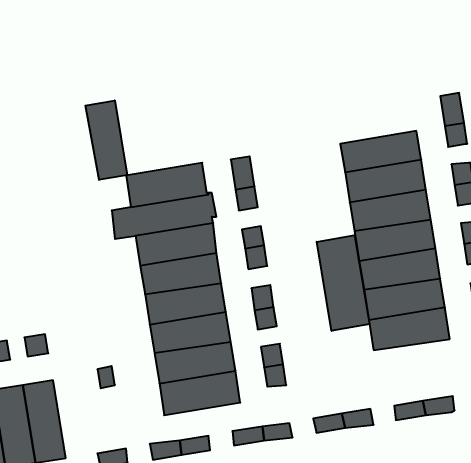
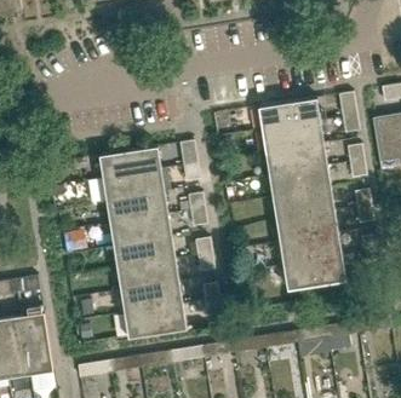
building: none -> [259,98,321,132]
building: [85,100,127,180] -> none
building: [317,235,370,331] -> none

